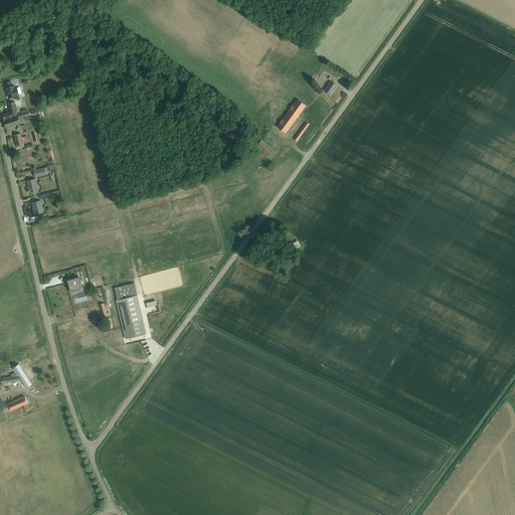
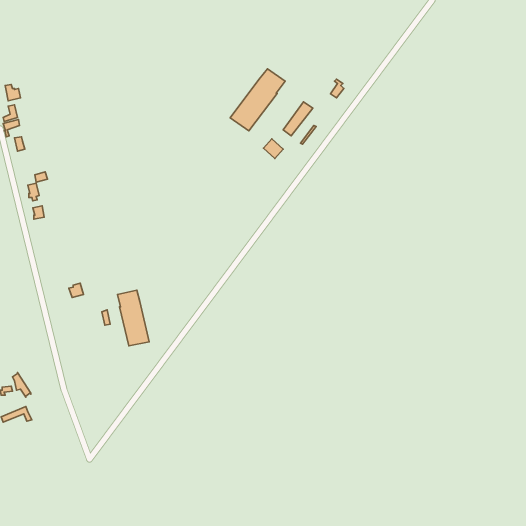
building: none -> [230,69,285,131]

